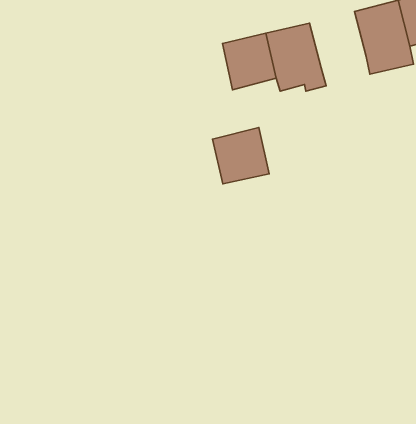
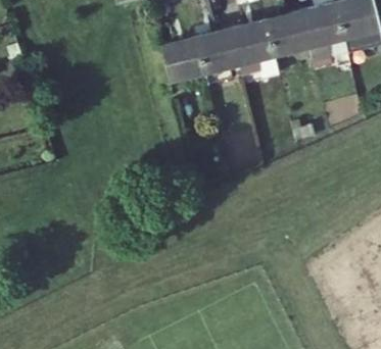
building: none -> [264,11,308,56]
building: [213,128,269,184] -> [157,37,202,82]

